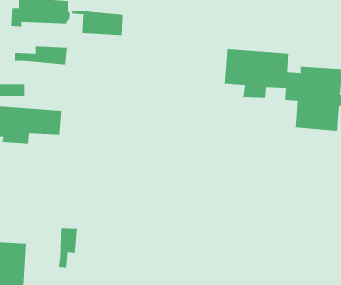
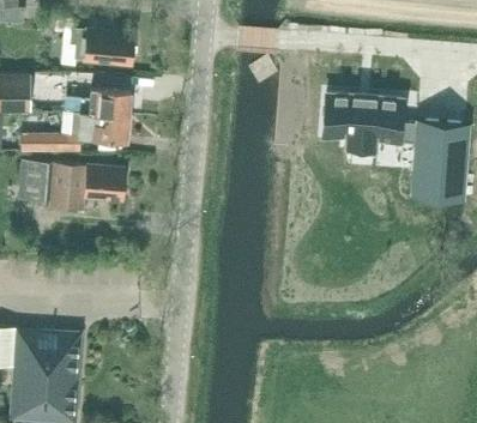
building: [71,11,123,36] -> [64,108,128,139]
building: [58,228,78,269] -> none

